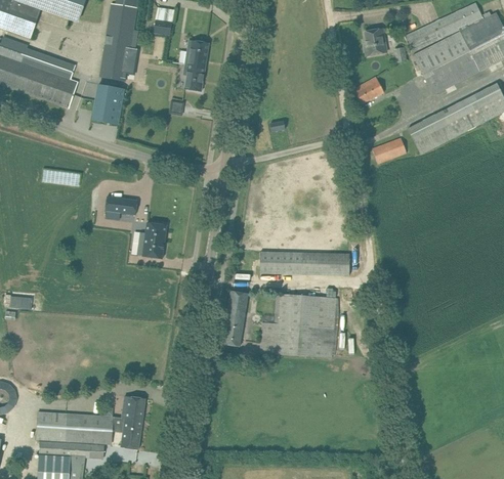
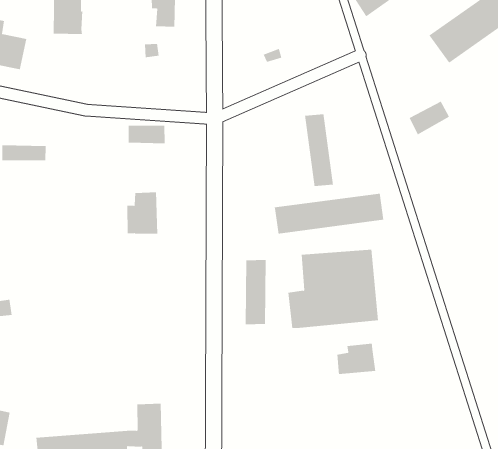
building: [92,84,124,124] -> none
building: [372,138,406,164] -> [409,101,450,135]
building: none -> [304,113,333,187]
building: [104,195,137,215] -> [128,125,165,144]
building: none -> [337,343,376,375]

